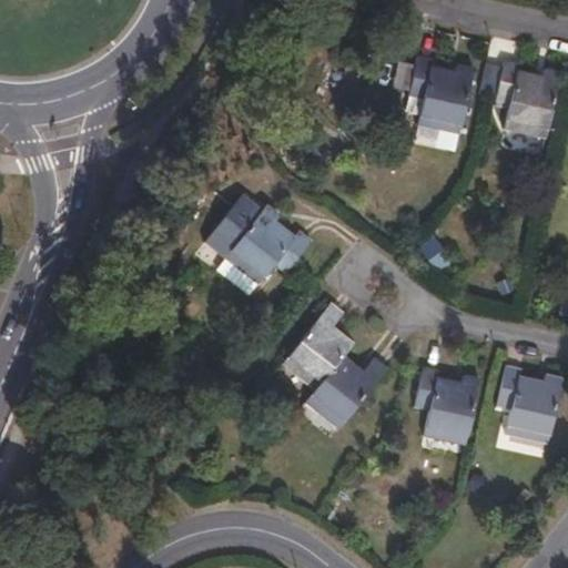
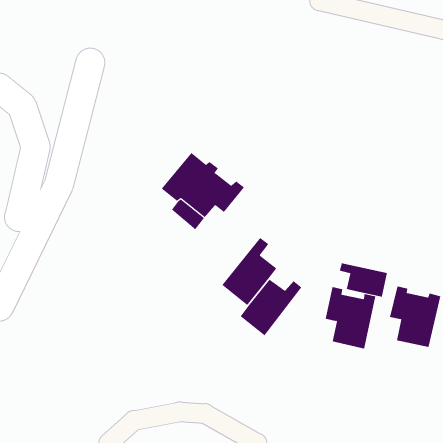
building: [410,55,475,134] -> none
building: [497,61,561,140] -> none
building: none -> [339,262,387,297]

